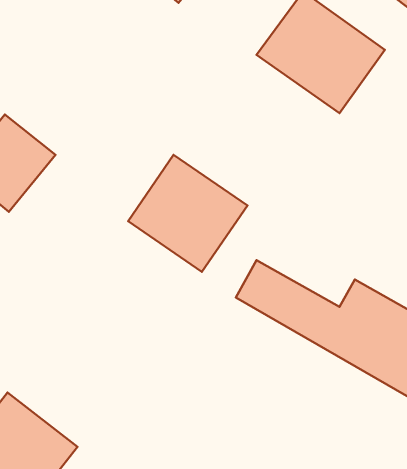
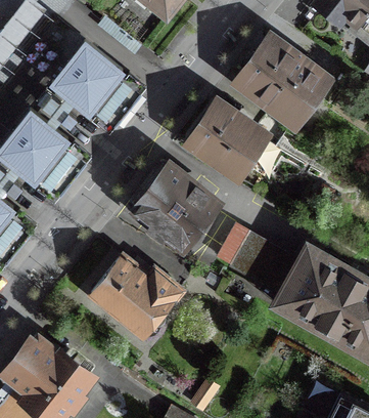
building: none -> [51,49,130,128]
building: none -> [180,86,273,175]
building: none -> [82,247,184,344]

